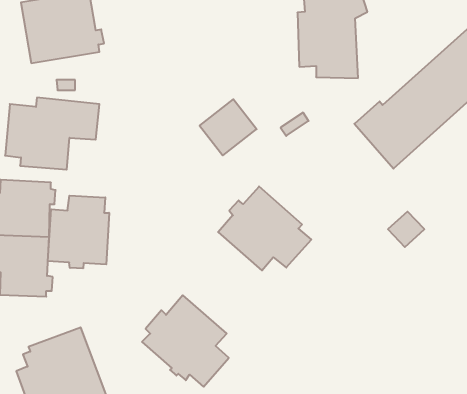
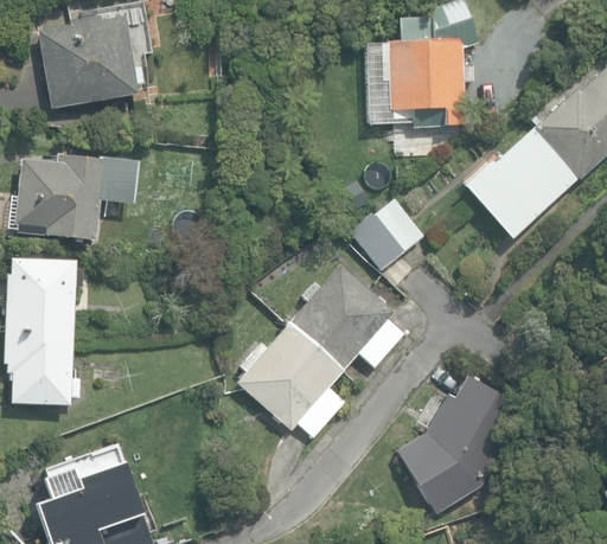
building: [200,99,257,155] -> [352,198,424,269]
building: [48,196,109,268] -> none
building: none -> [394,377,523,516]
building: [142,295,229,387] -> [236,322,346,439]

